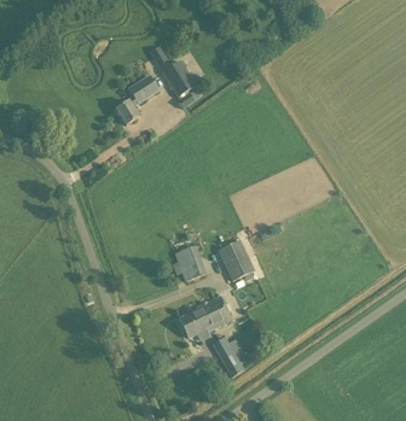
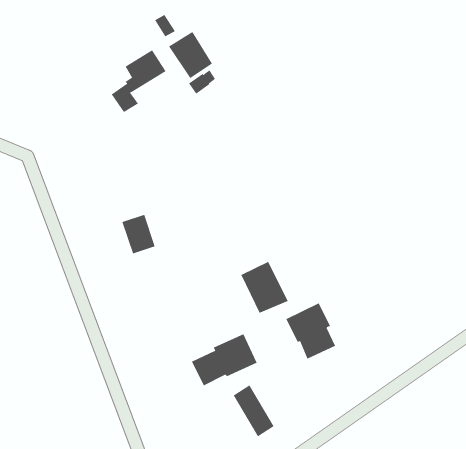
building: [176,248,203,280] -> [122,214,156,254]
building: none -> [286,303,336,359]

